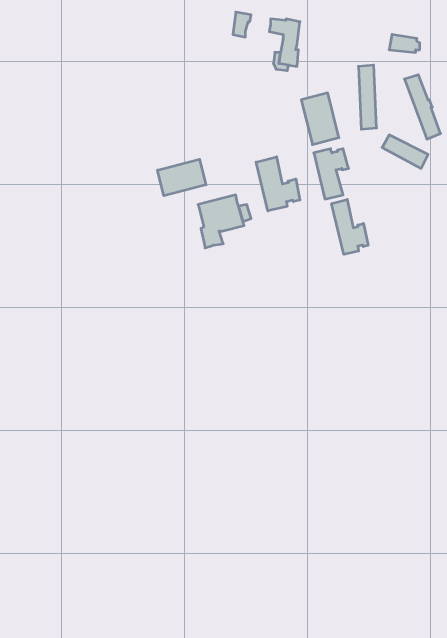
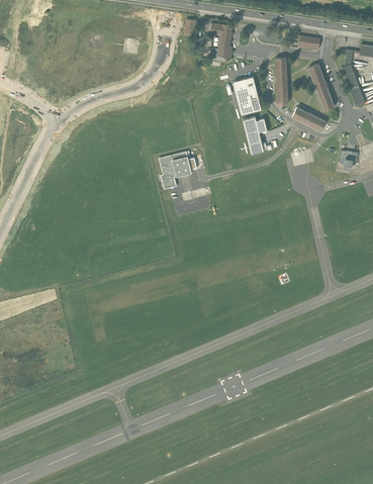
building: [256,157,300,211] -> none
building: [158,159,206,196] -> none
building: [332,199,368,254] -> none

